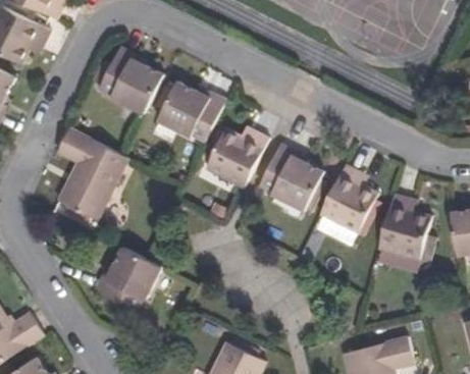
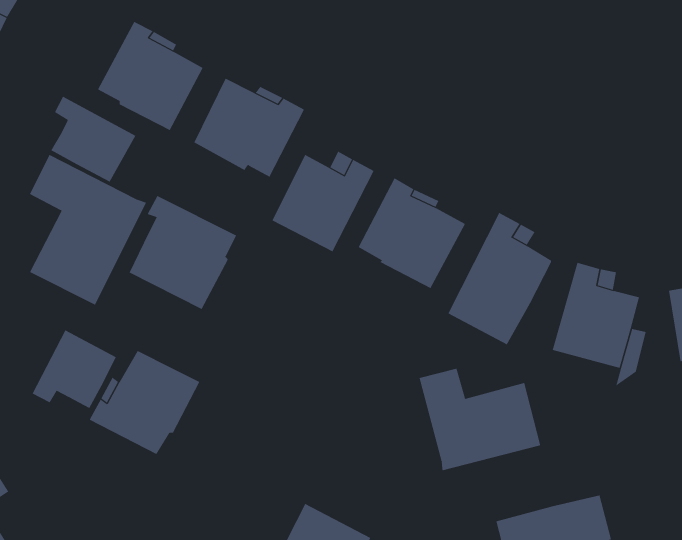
building: none -> [50,96,136,183]
building: none -> [129,195,237,310]
building: none -> [32,329,117,409]
building: none -> [419,368,541,471]

